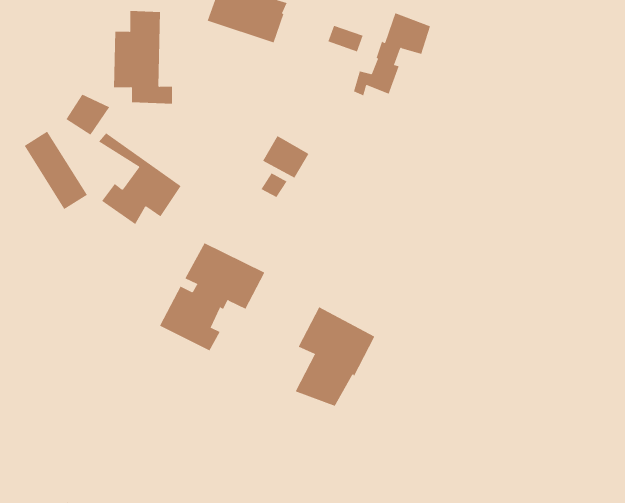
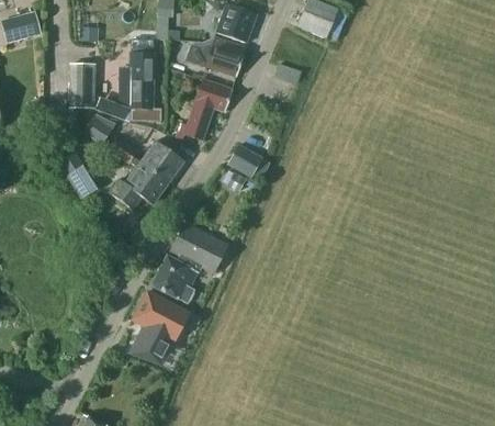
building: [353,13,431,96] -> [175,80,232,142]
building: none -> [49,64,95,112]
building: none -> [139,139,184,182]
building: [295,307,375,406] -> [130,290,189,363]

